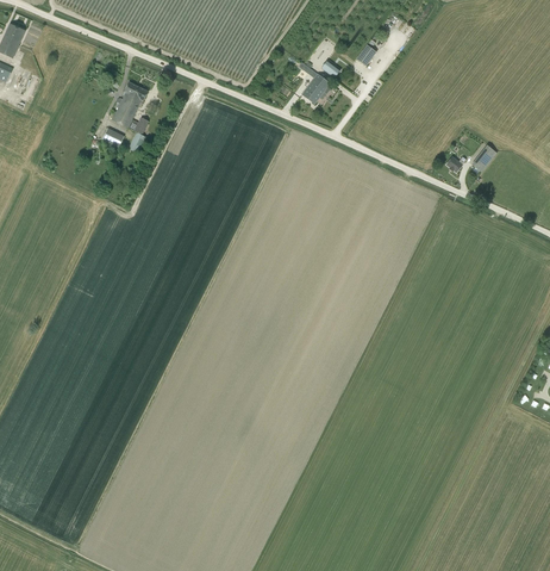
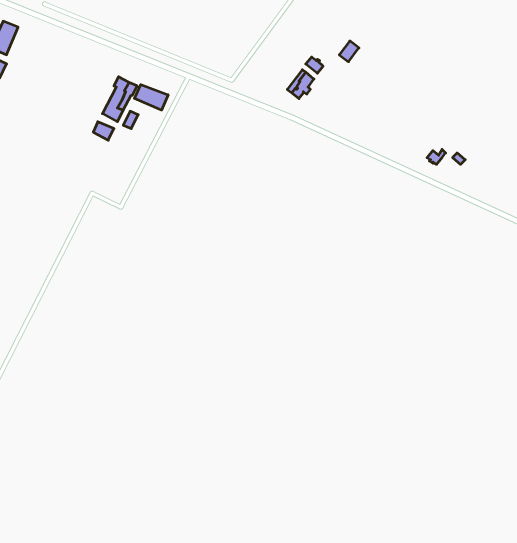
building: none -> [134,85,168,110]

